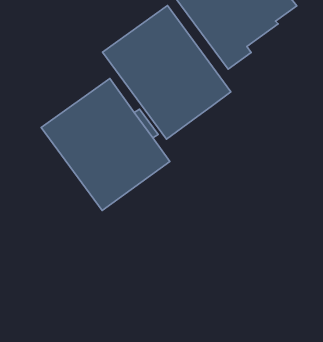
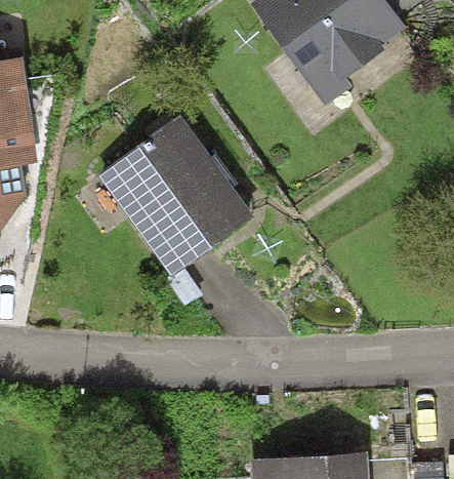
building: [102,5,231,139] -> none

